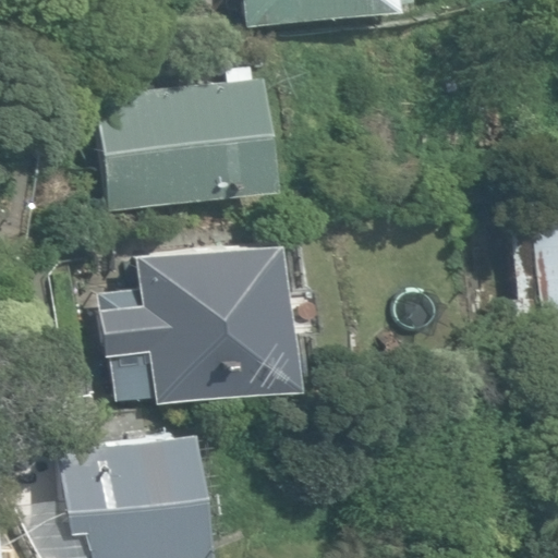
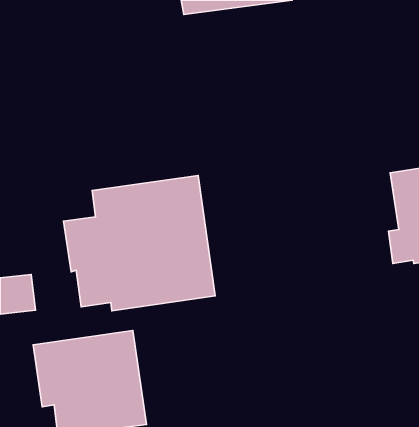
building: [101,78,279,214] -> none

